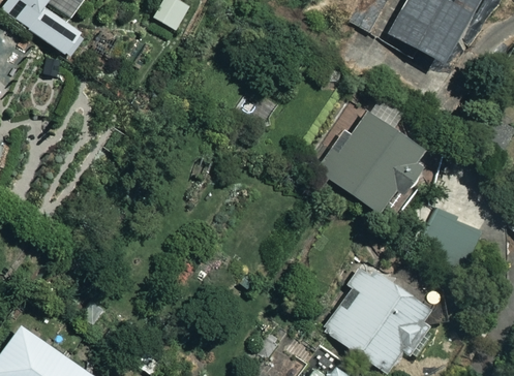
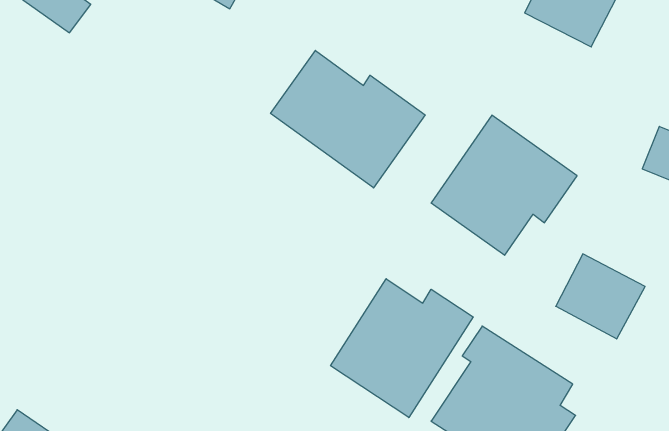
building: none -> [271,50,425,188]
building: none -> [331,279,473,418]

